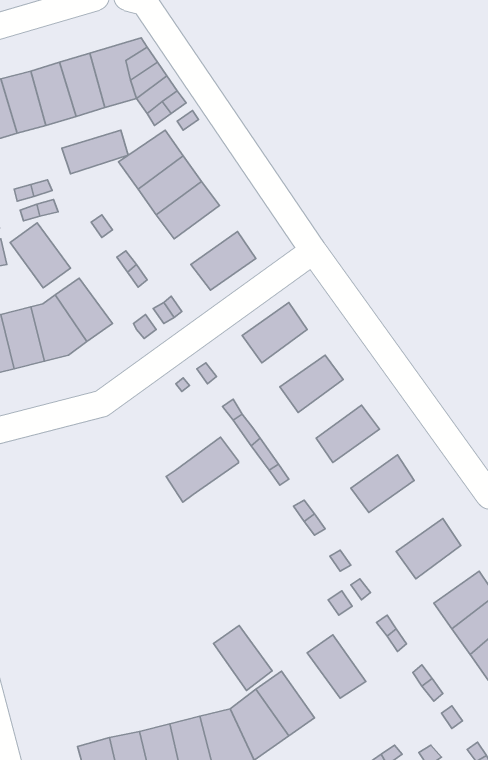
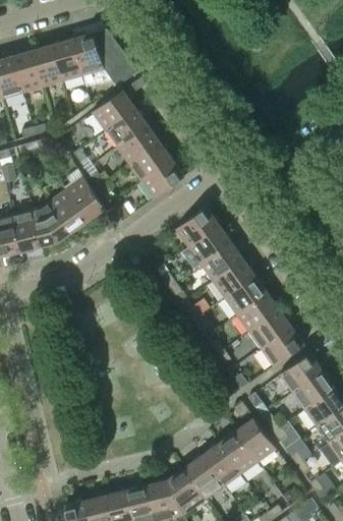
building: [62,130,128,174] -> none
building: none -> [128,141,171,181]
building: [10,223,70,288] -> [64,177,105,221]
building: none -> [212,258,254,298]
building: none -> [235,292,279,332]
building: [166,437,239,502] -> [181,225,230,269]
building: none -> [260,327,303,366]
building: none -> [291,370,334,409]
building: none -> [235,418,275,462]
building: [213,625,272,690] -> [201,443,240,486]

